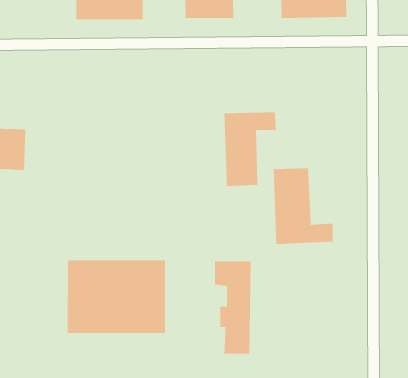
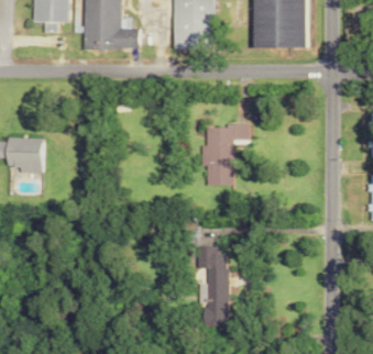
building: [273,168,333,245] -> none
building: [67,260,166,334] -> none

